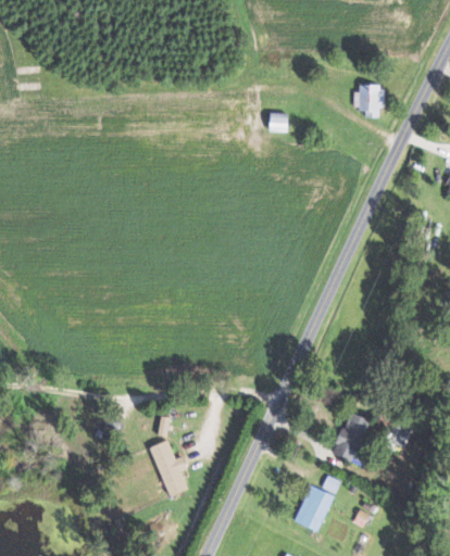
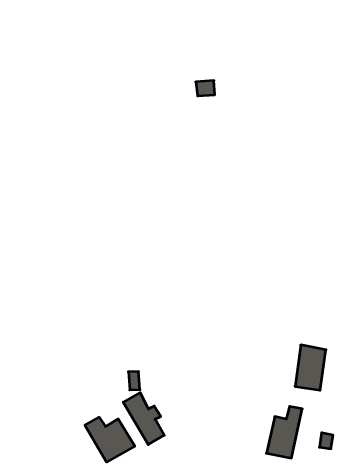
building: [353,84,383,117] -> none
building: none -> [85,417,135,462]

